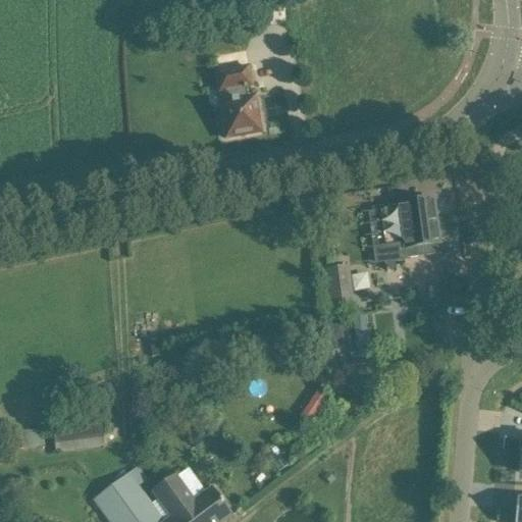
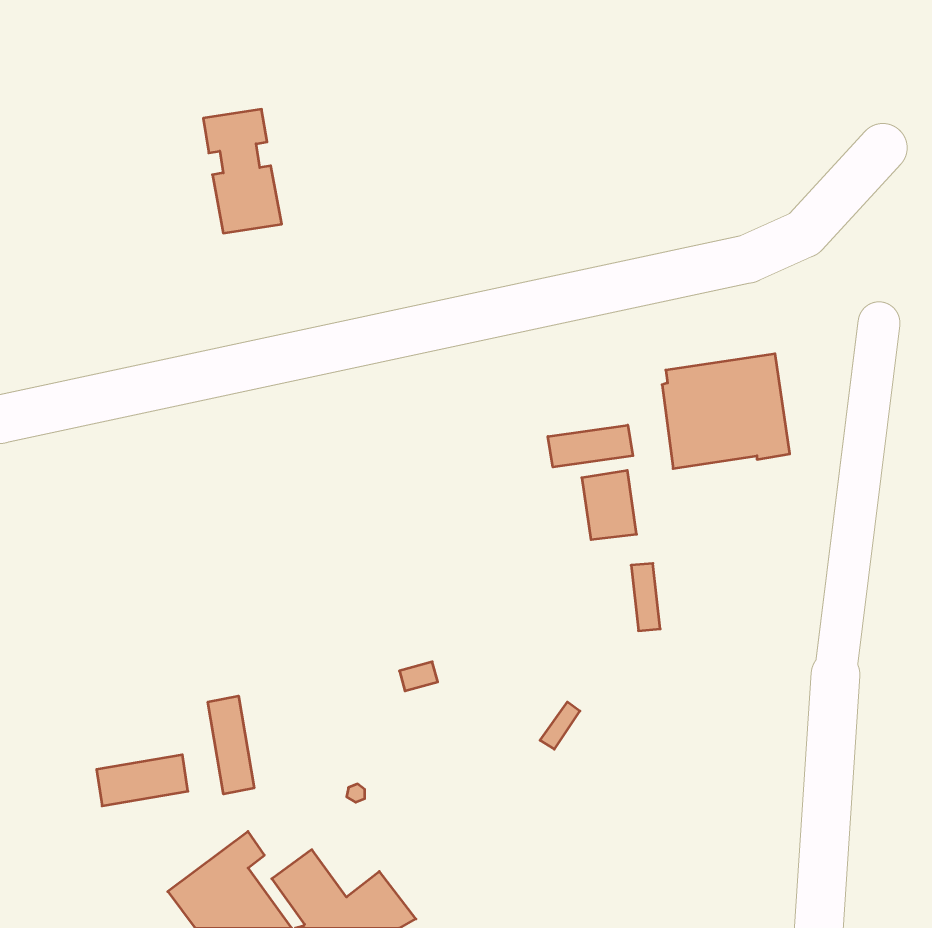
building: [216,66,260,136] -> [203,109,282,233]
building: none -> [548,425,633,467]
building: none -> [208,696,254,794]

